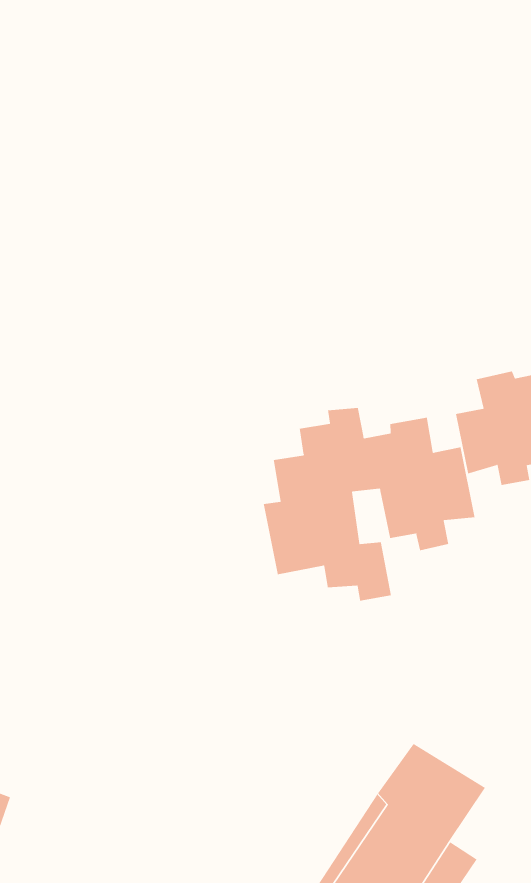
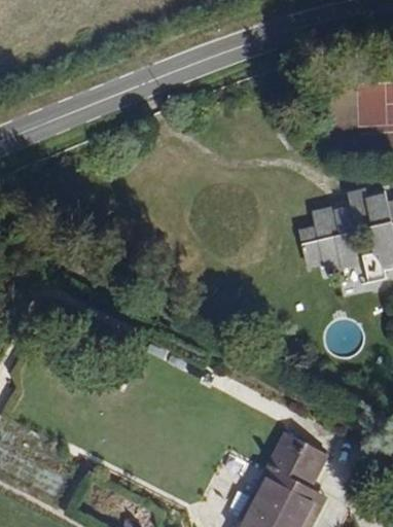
building: [263,407,475,601] -> none

